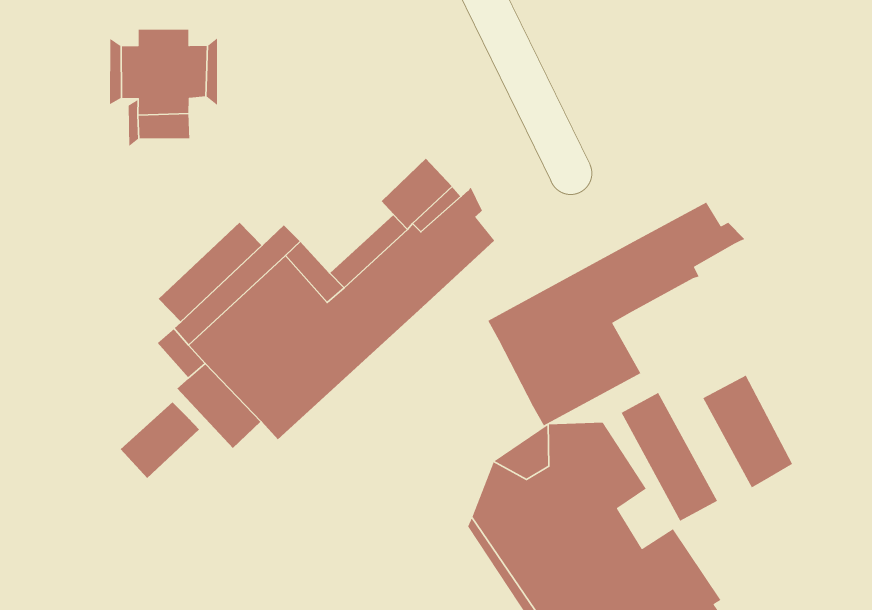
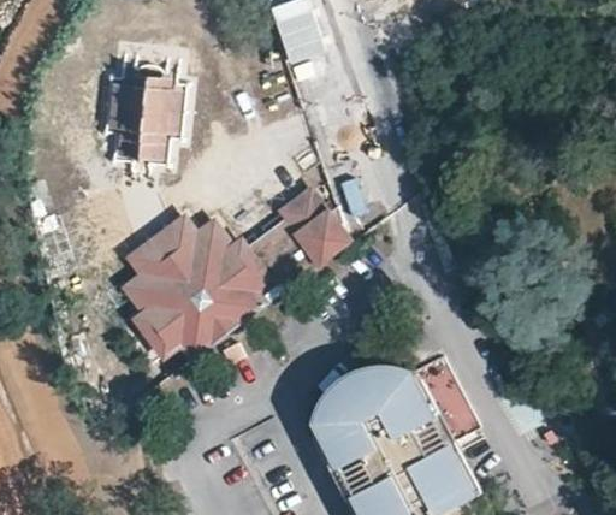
building: [487,202,745,427] -> none
building: [702,374,793,488] -> none
building: [120,402,200,479] -> none

